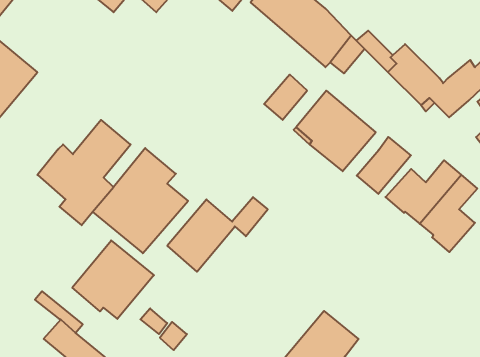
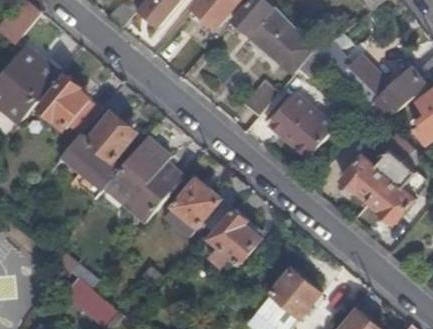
building: none -> [37,75,99,138]
building: [357,137,411,194] -> none
building: none -> [207,211,259,267]
building: [72,240,154,319] -> none

